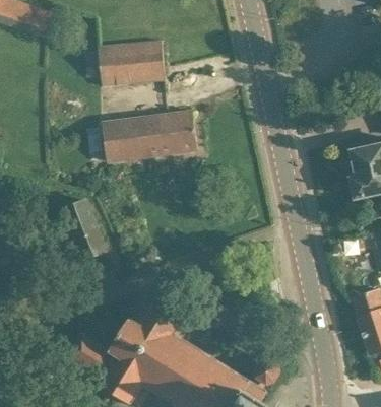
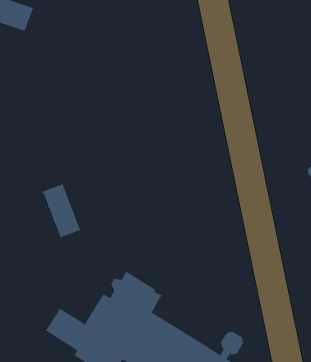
building: [84,41,166,85] -> none
building: [103,111,198,161] -> none

